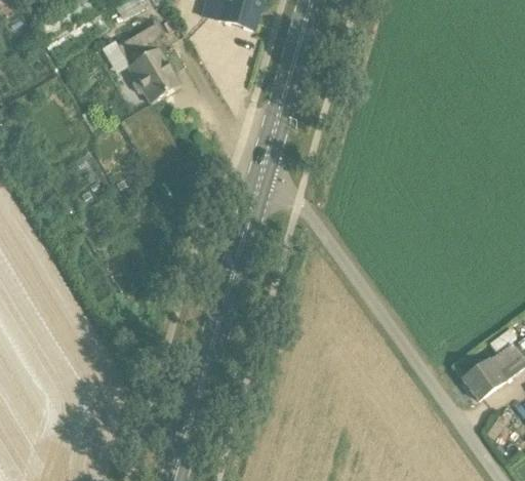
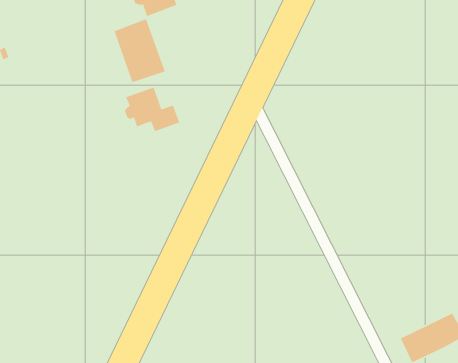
building: none -> [124,87,180,132]

